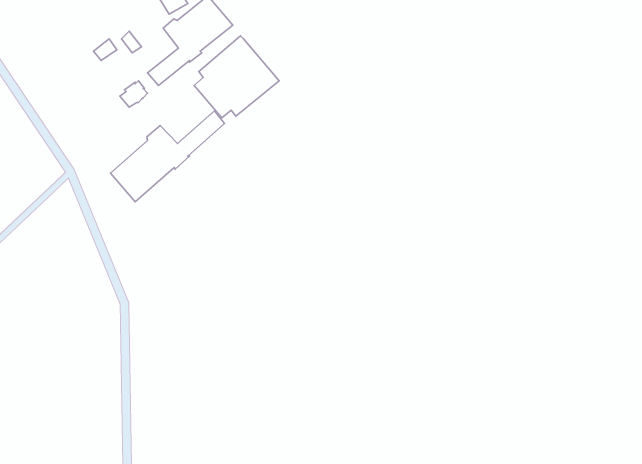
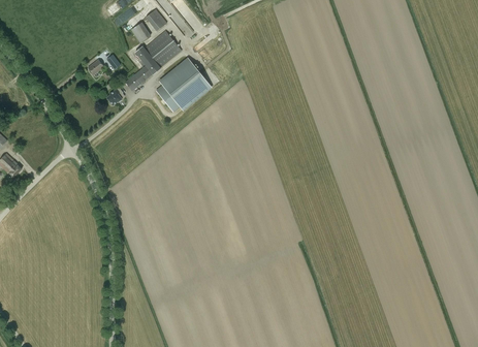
building: [111,111,225,202] -> none

